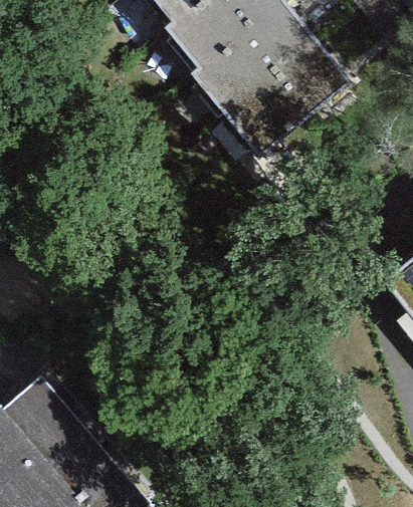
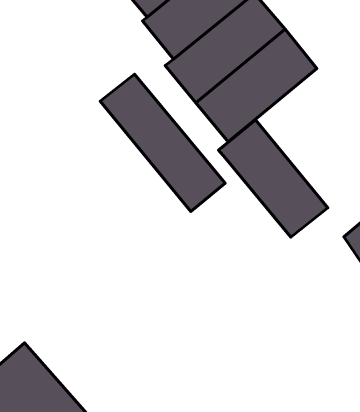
building: none -> [100,74,225,211]
building: none -> [218,120,328,237]

